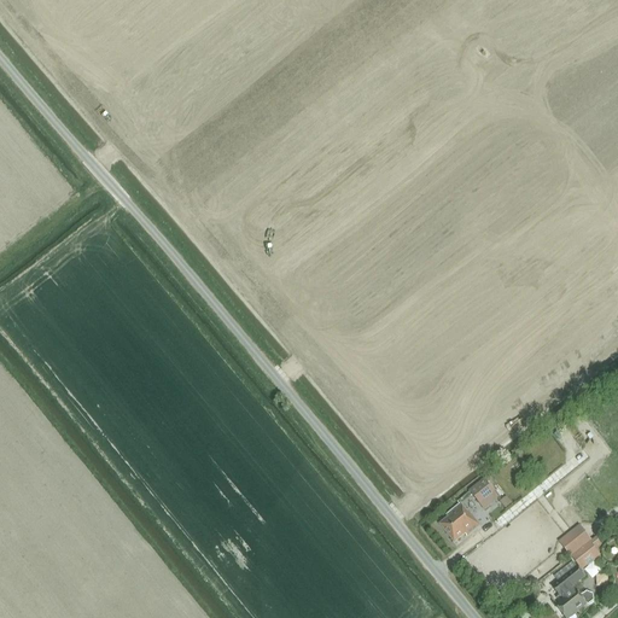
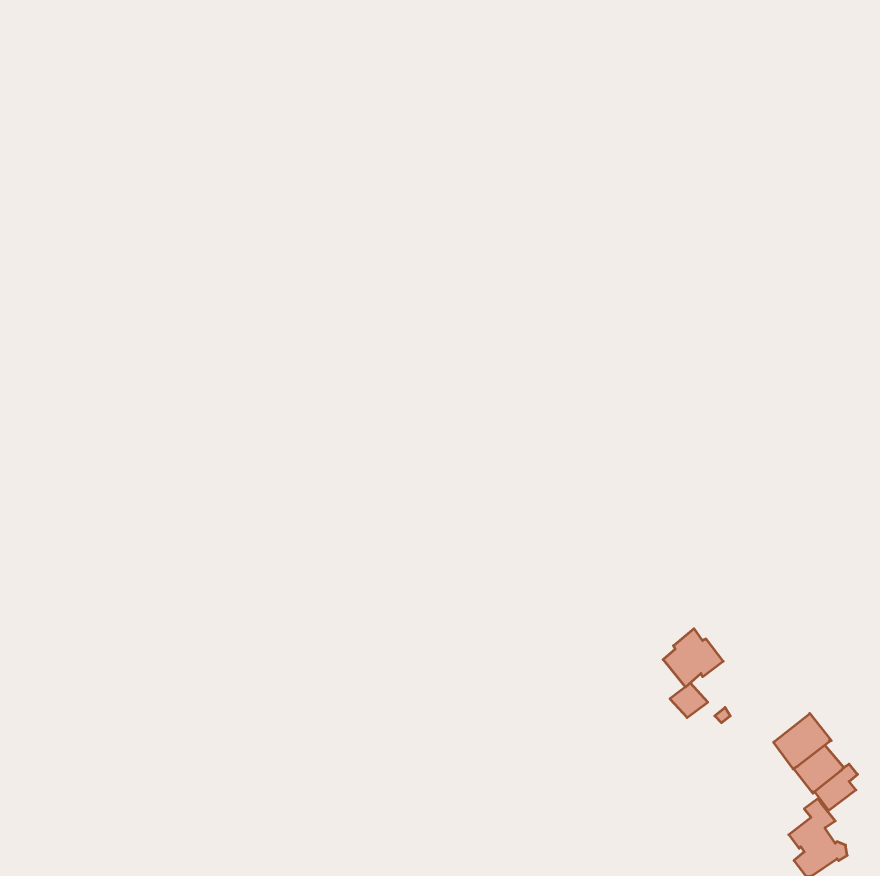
building: none -> [774,713,831,769]
building: [438,501,480,542] -> [663,629,723,687]

